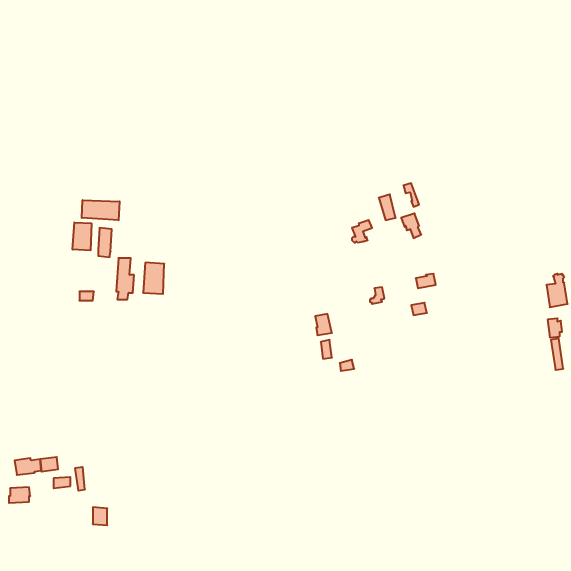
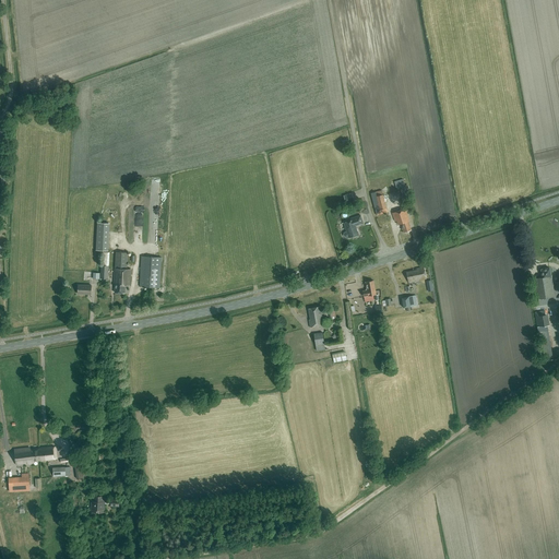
building: [82,200,120,220] -> none
building: [73,222,91,250] -> none

